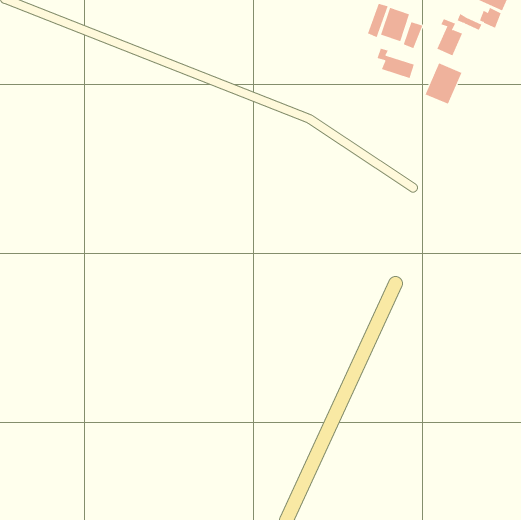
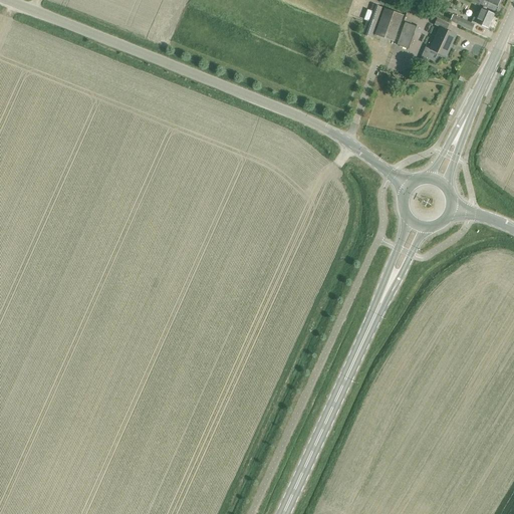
building: [377,48,415,79] -> none
building: [425,63,462,105] -> none

